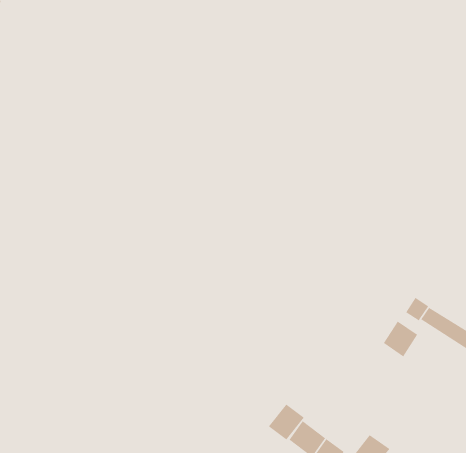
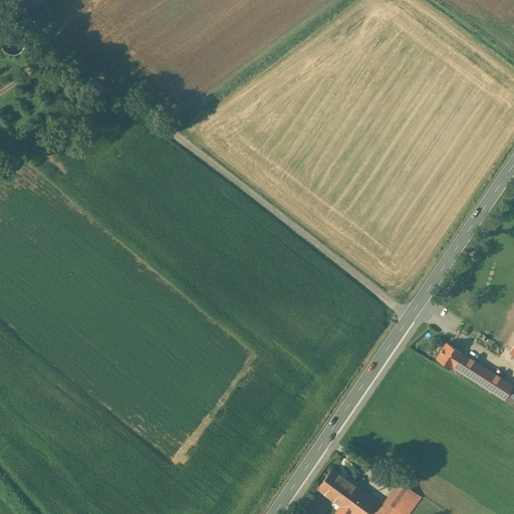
building: [383,320,418,357] -> none
building: [268,403,305,441] -> none

